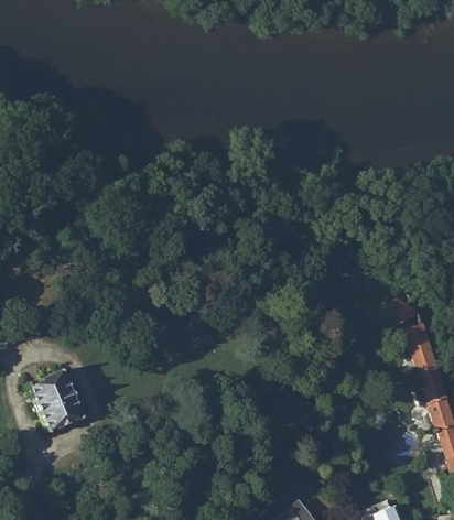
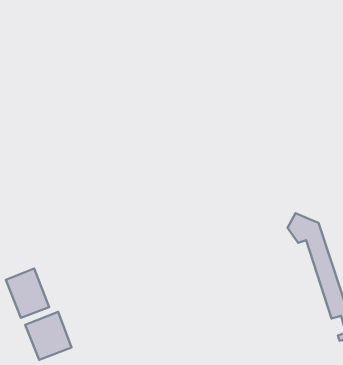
building: none -> [25,312,72,360]

